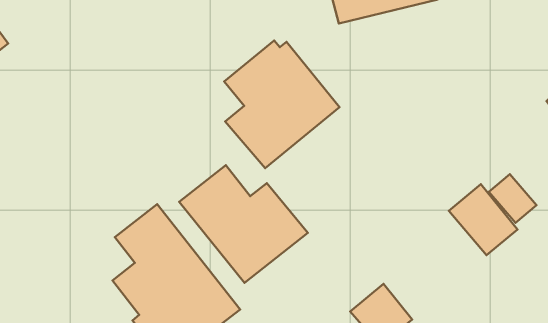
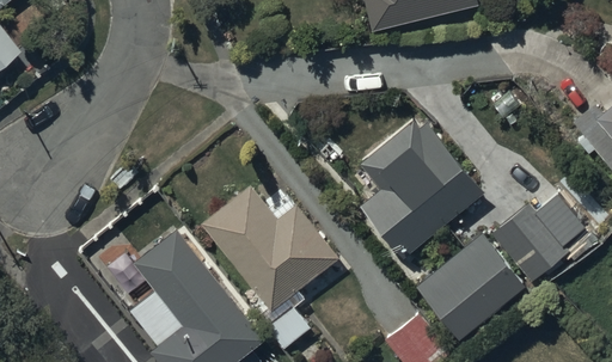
building: [224,41,340,168] -> [359,121,483,258]
building: none -> [416,234,526,340]

